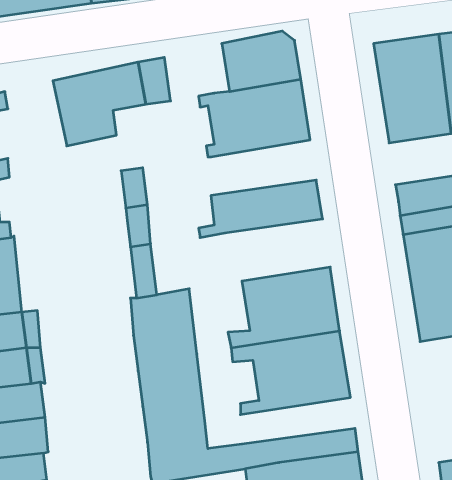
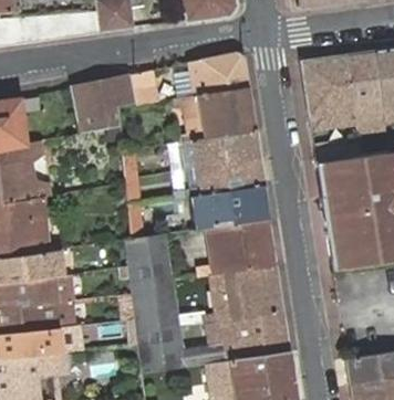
building: none -> [180,129,260,169]
building: none -> [189,186,270,232]
building: none -> [205,313,288,346]

